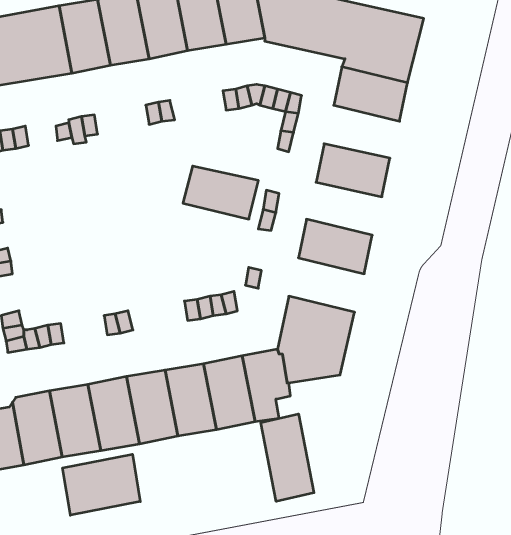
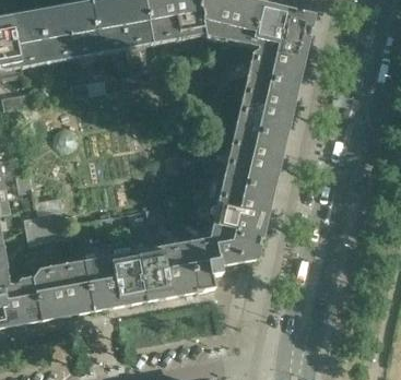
building: none -> [245,74,296,110]
building: [183,166,258,219] -> [233,127,284,163]
building: none -> [221,178,272,215]
building: [261,414,314,501] -> none
building: [63,454,140,515] -> none

